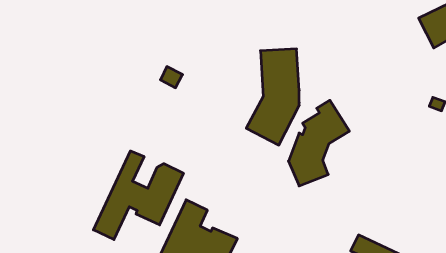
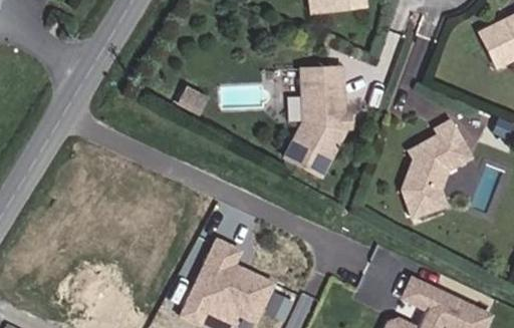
building: [288,100,349,186] -> [402,119,471,217]
building: [93,151,183,240] -> none

